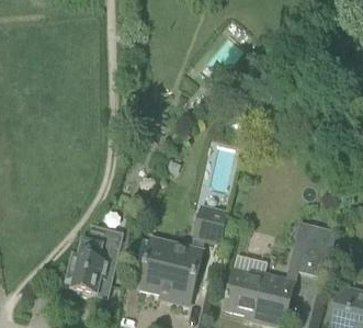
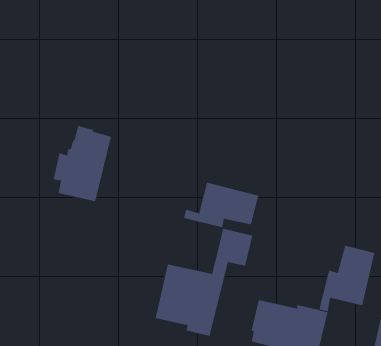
building: none -> [184,182,259,228]
building: [67,229,120,297] -> [53,125,112,202]

